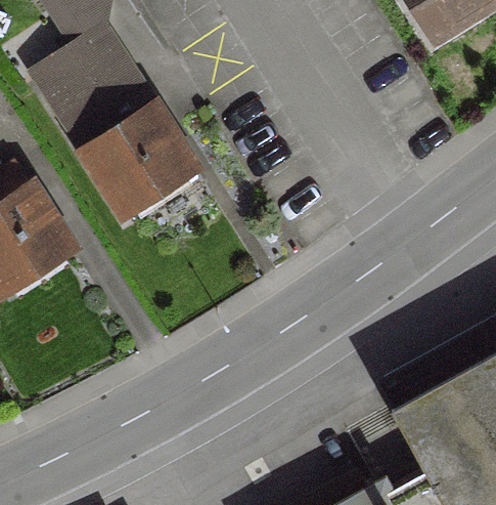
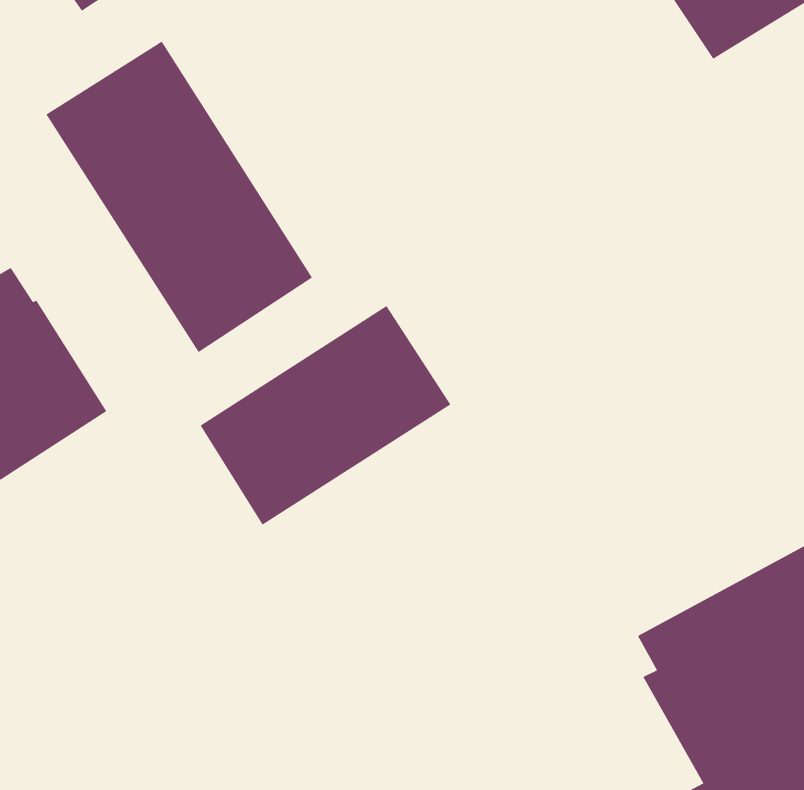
building: none -> [200,305,451,525]

